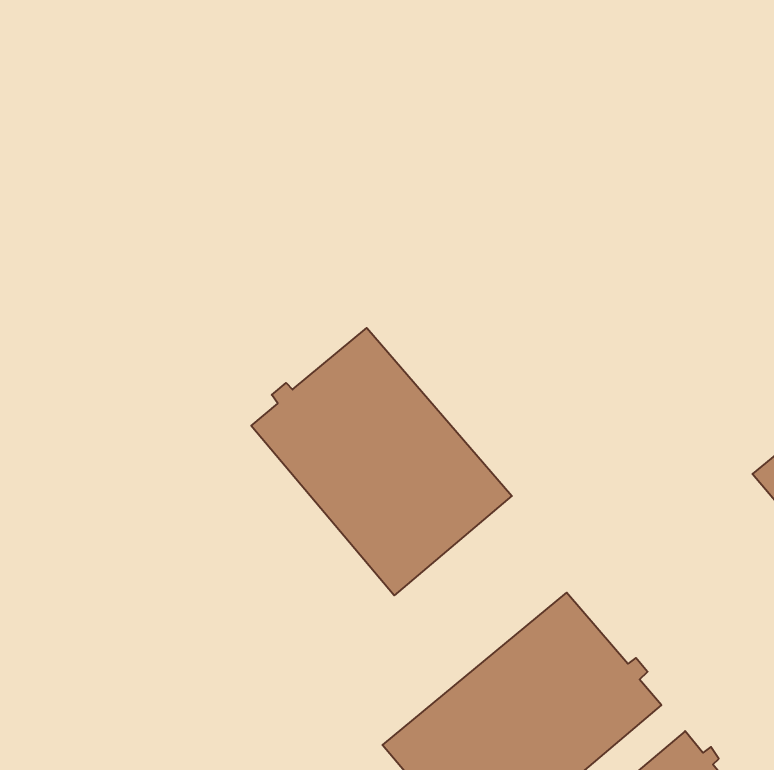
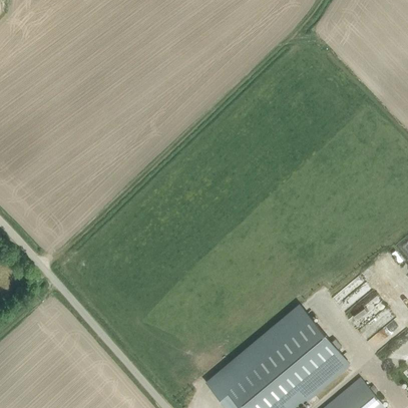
building: [251,328,512,595] -> none

